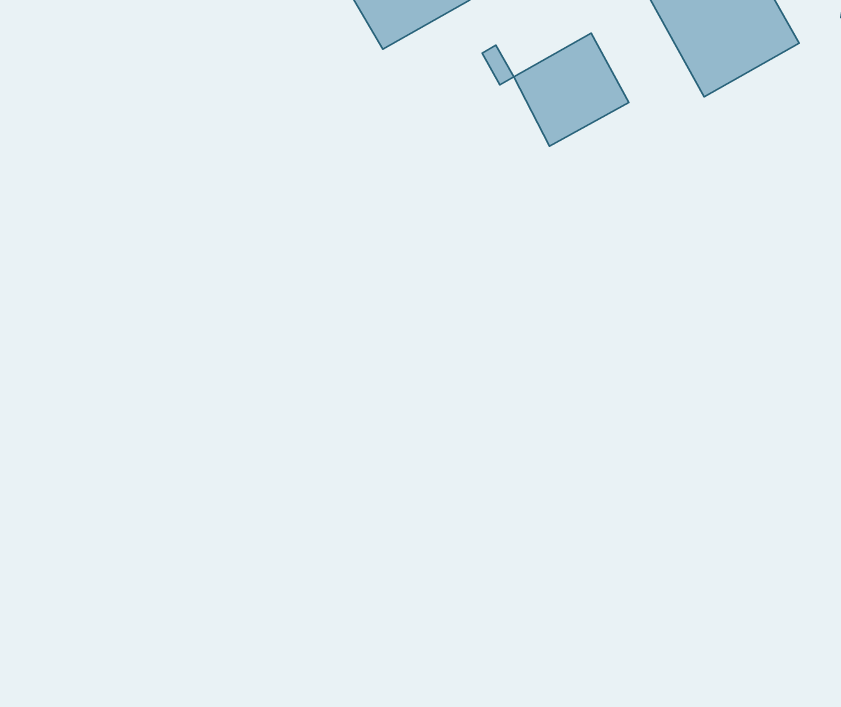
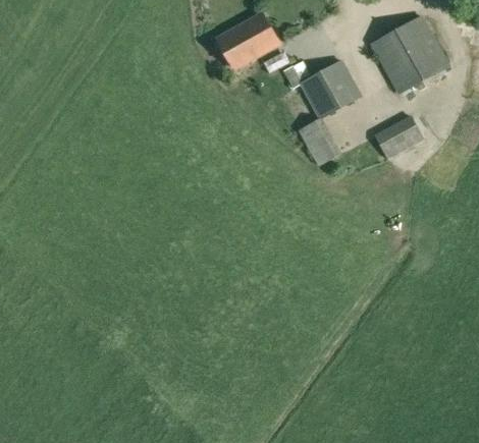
building: none -> [376,116,424,158]
building: none -> [299,117,342,167]

